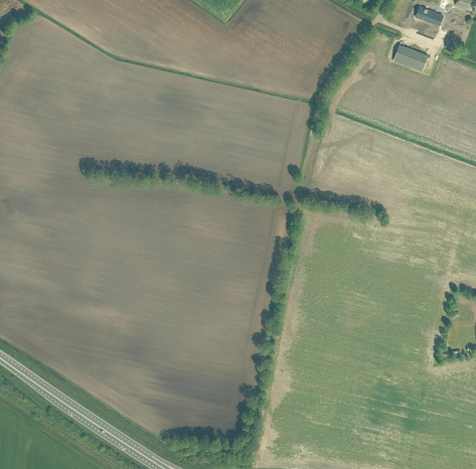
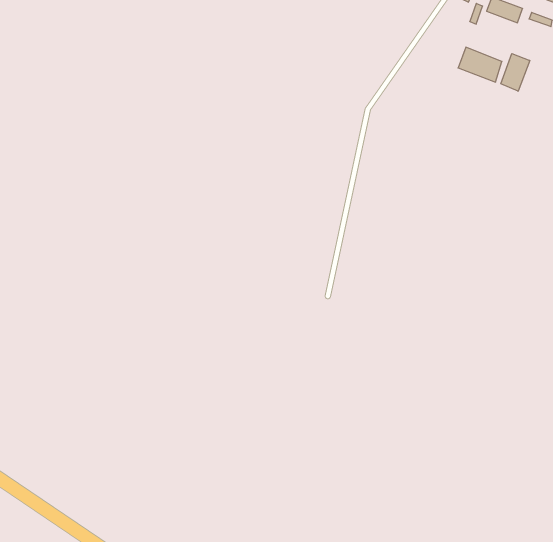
building: none -> [501,54,530,91]

